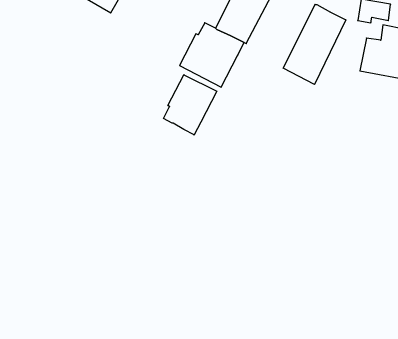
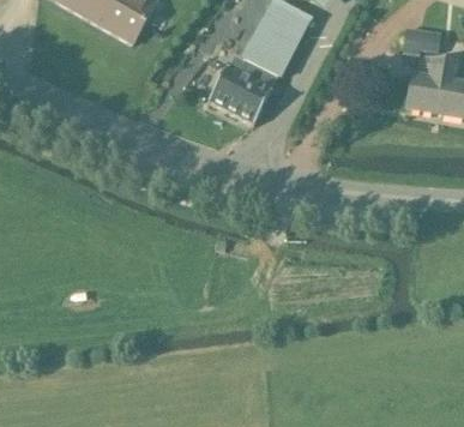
building: [283,4,346,84] -> none
building: [164,75,217,135] -> none

